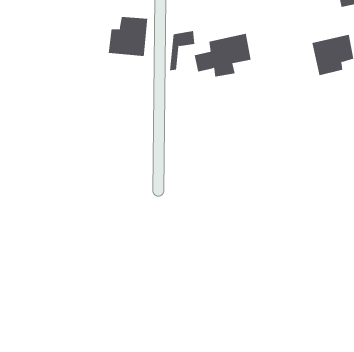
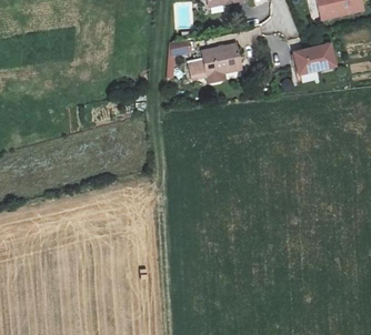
building: [108,16,148,57] -> none

